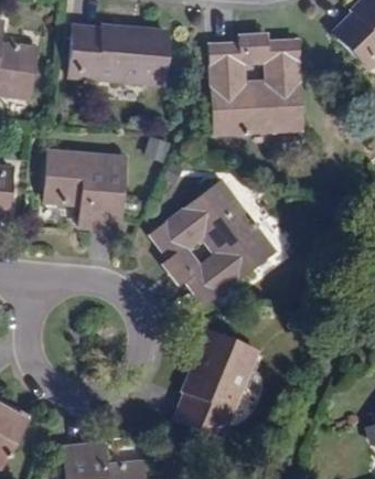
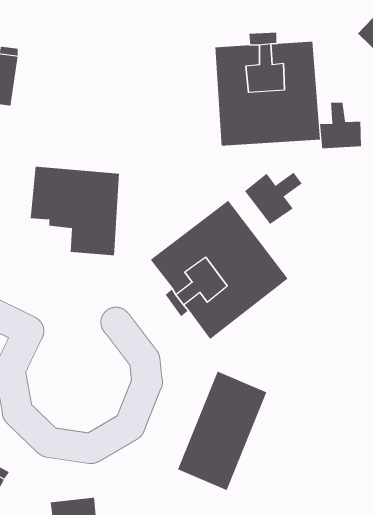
building: [71,24,168,81] -> none
building: none -> [320,102,362,149]
building: none -> [244,172,303,225]

